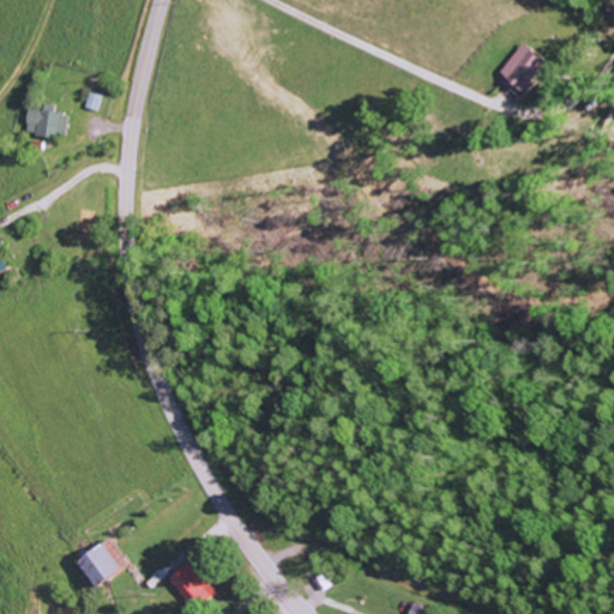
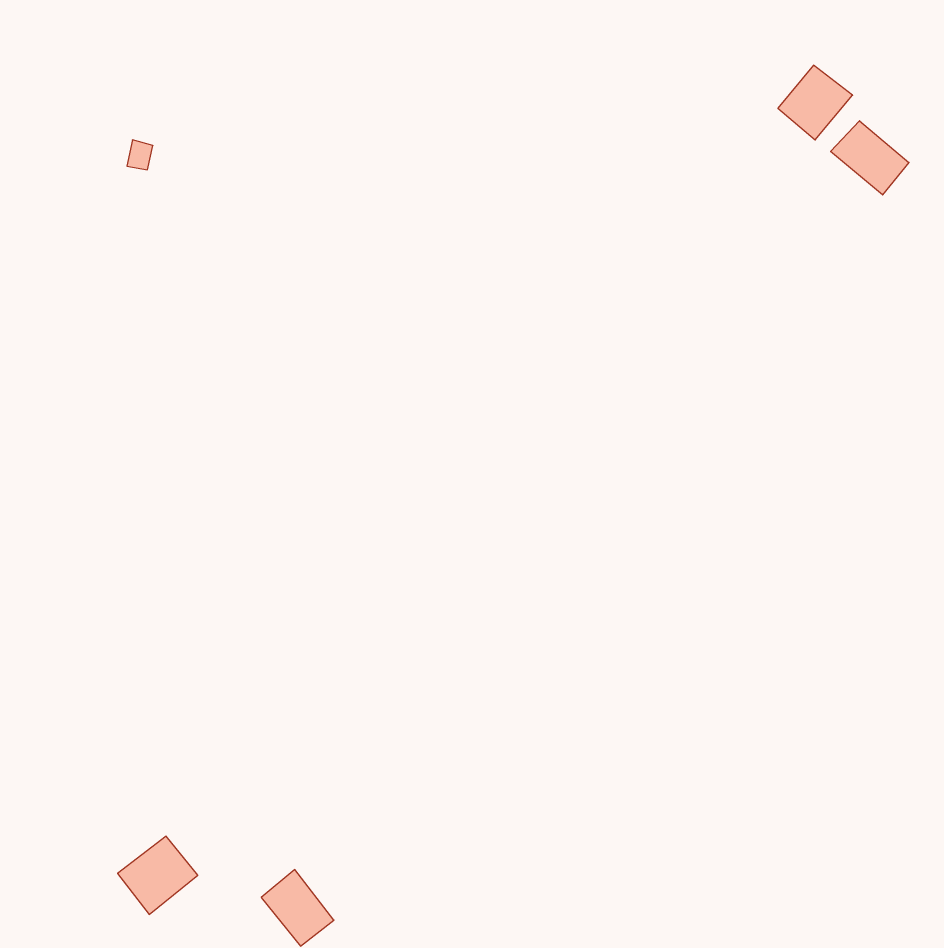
building: none -> [831,121,909,195]
building: [24,103,64,136] -> none

